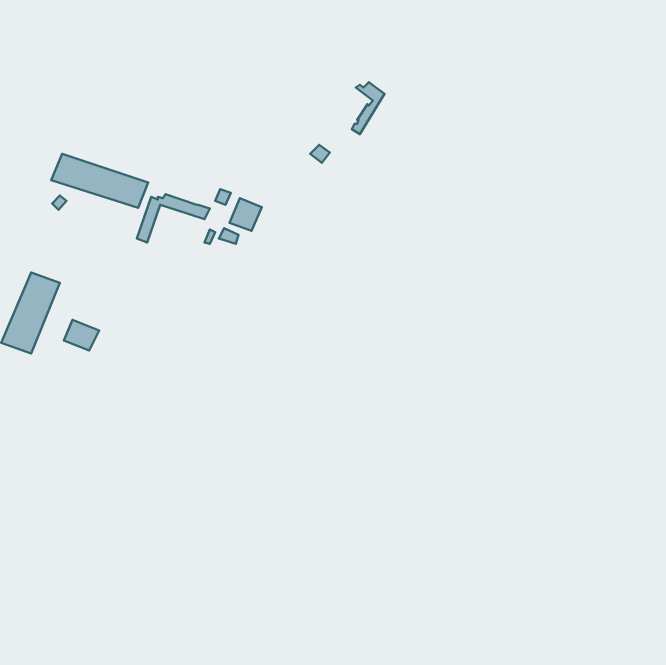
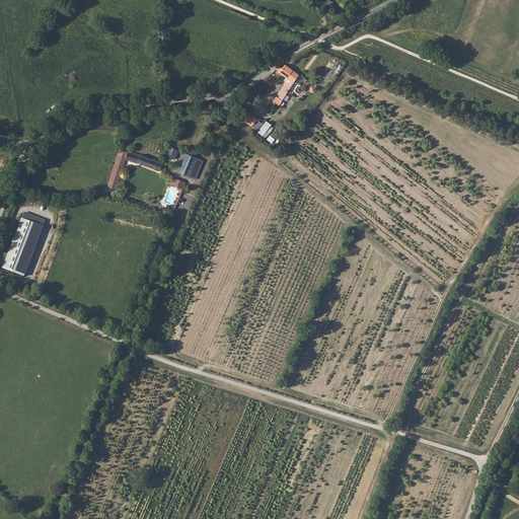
building: [51,154,148,208] -> none
building: [64,320,99,350] -> none

